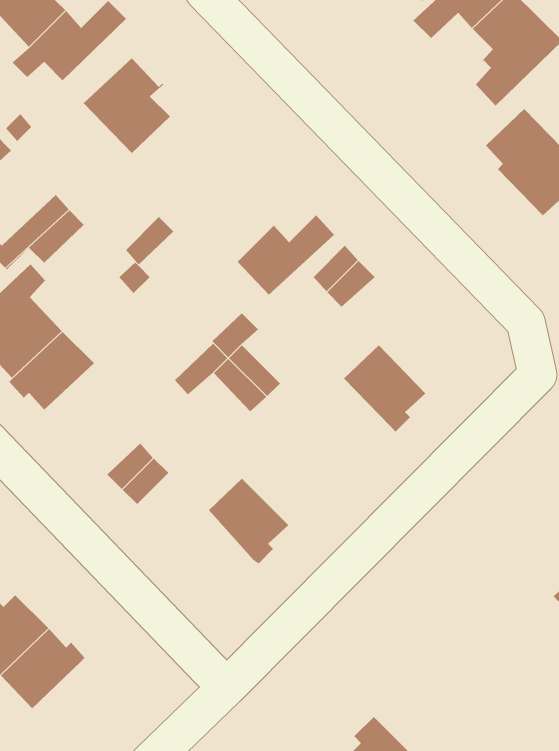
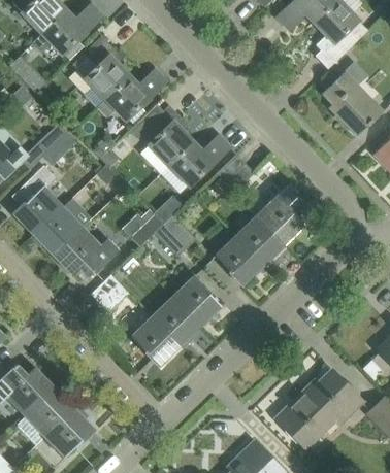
building: none -> [96,70,165,120]
building: none -> [139,104,192,164]
building: none -> [256,196,304,244]
building: none -> [52,226,117,277]
building: none -> [215,235,263,284]
building: none -> [172,276,221,325]
building: none -> [130,315,180,366]
building: none -> [277,371,357,447]
building: none -> [44,403,94,457]

